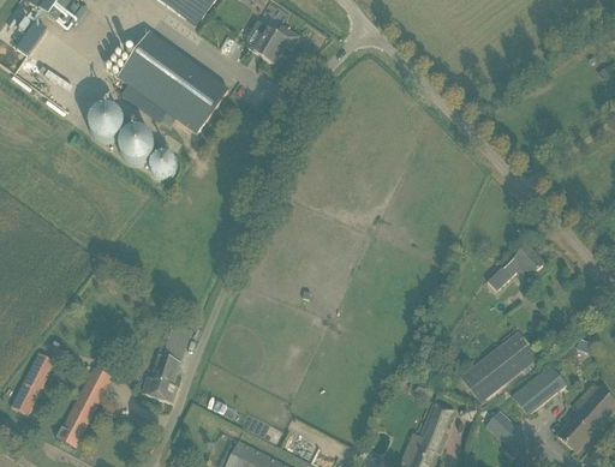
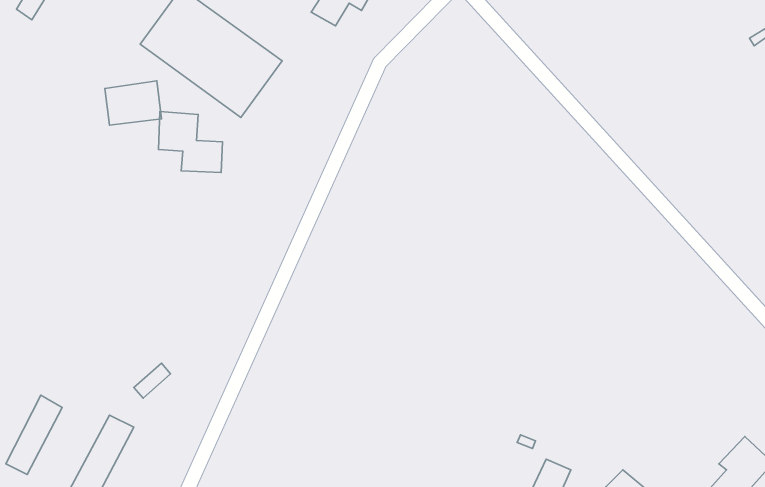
building: [486,245,543,291] -> none
building: [141,323,190,402] -> none
building: [459,330,539,402] -> none
building: [512,364,566,414] -> none

